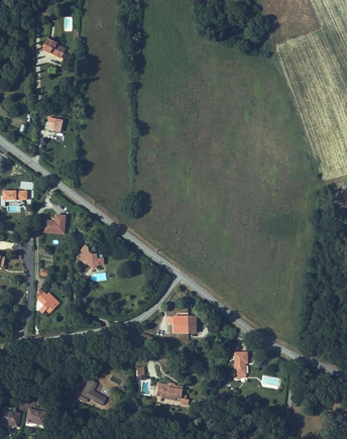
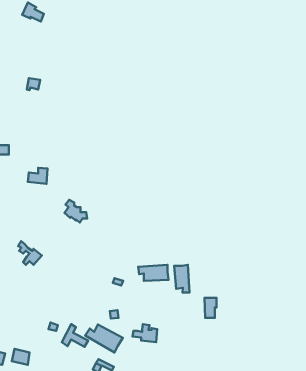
building: none -> [174,265,189,292]
building: none -> [85,324,123,353]

